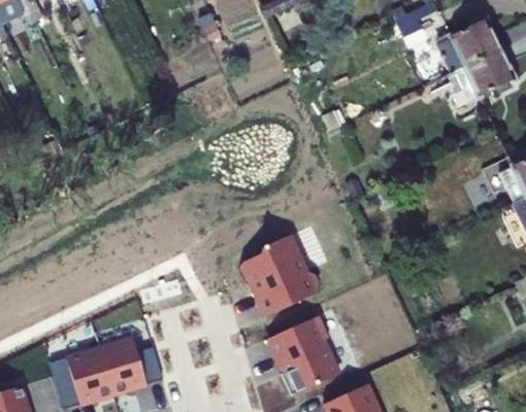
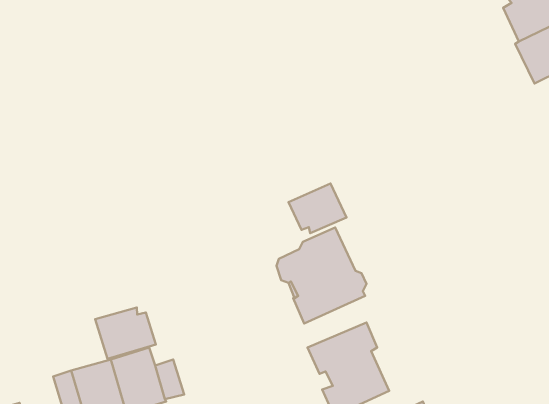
building: none -> [289,183,346,233]
building: none -> [95,307,156,359]

